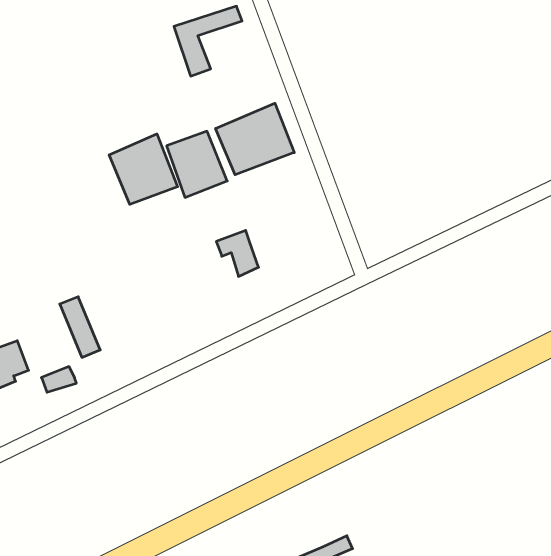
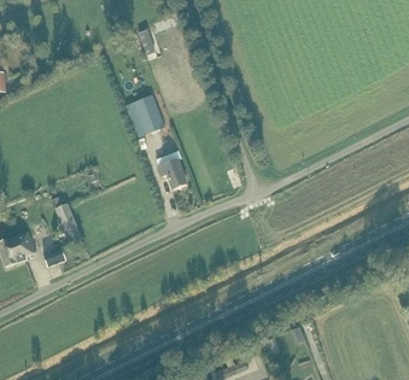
building: [216,103,294,175] -> none
building: [109,134,178,204] -> none

